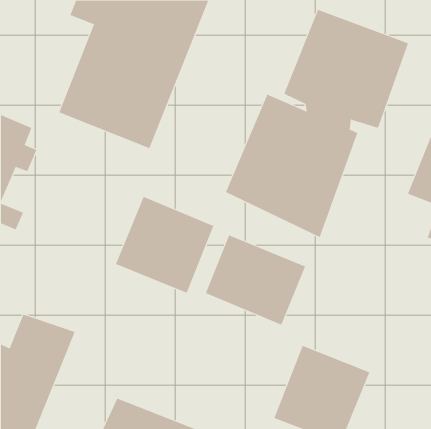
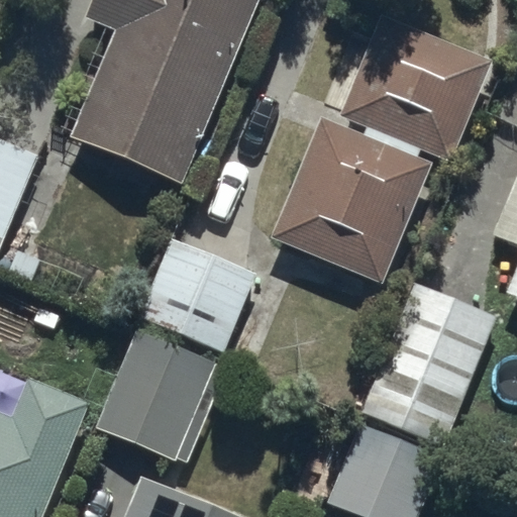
building: none -> [361,282,494,437]
building: [205,235,306,325] -> none
building: none -> [94,323,230,463]

